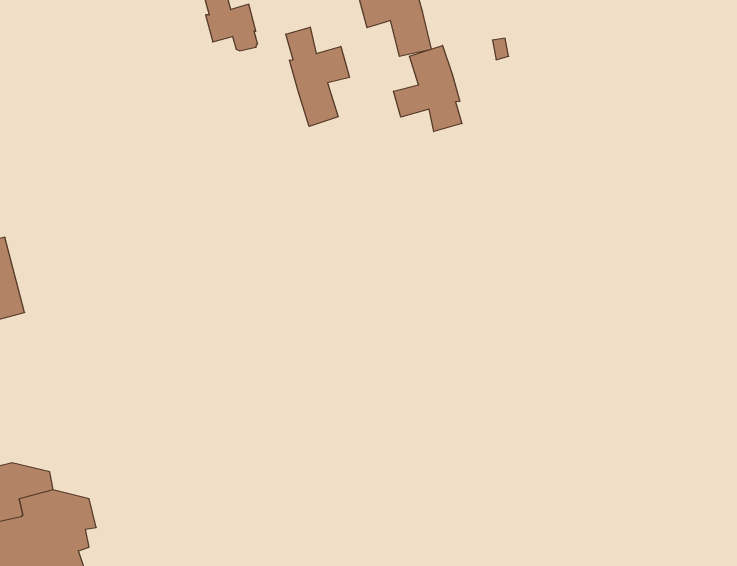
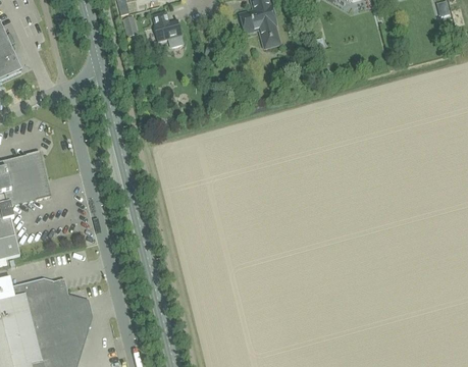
building: [286,27,349,126] -> none
building: [394,45,462,132] -> none

